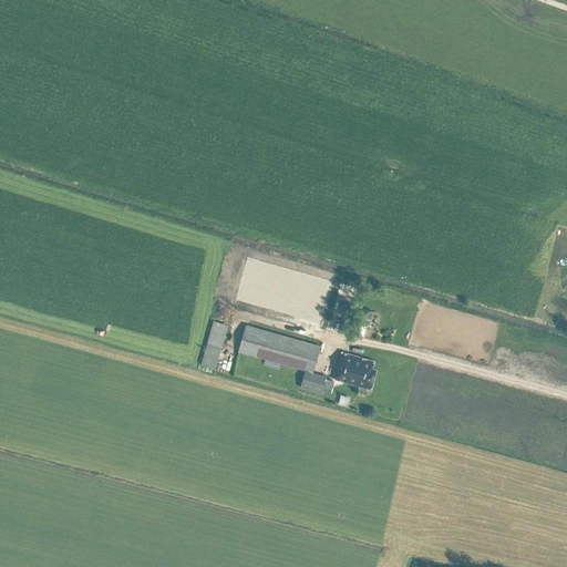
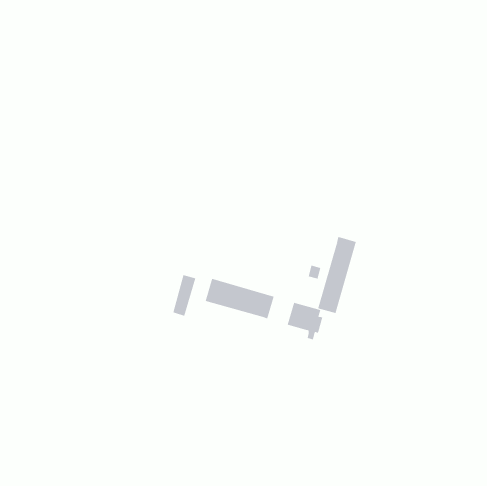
building: none -> [318,236,356,314]
building: [300,370,332,394] -> none

